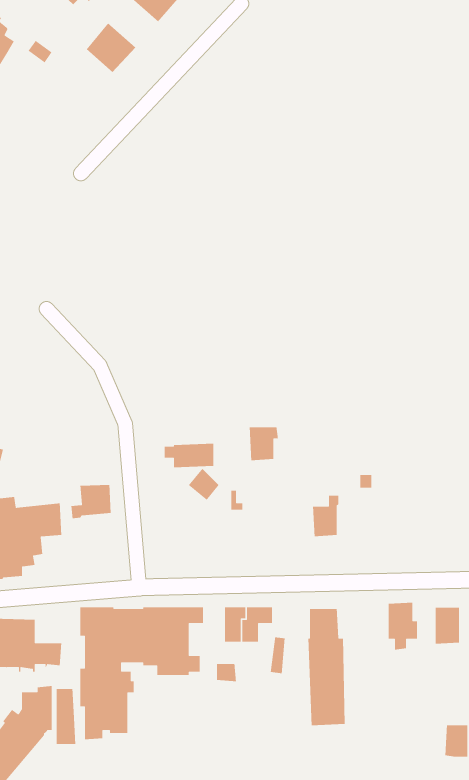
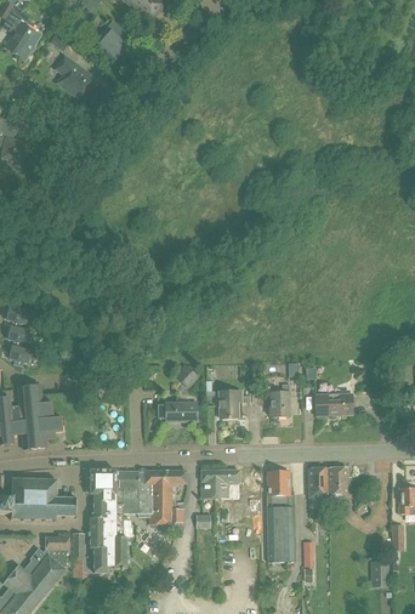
building: none -> [53,55,95,98]
building: [249,427,279,461] -> [217,391,240,417]
building: [164,443,214,468] -> [157,402,195,421]
building: [70,484,111,519] -> none
building: none -> [314,393,351,415]
building: [435,607,460,645] -> [307,467,326,496]

